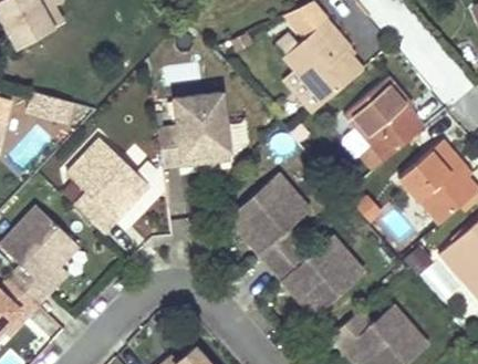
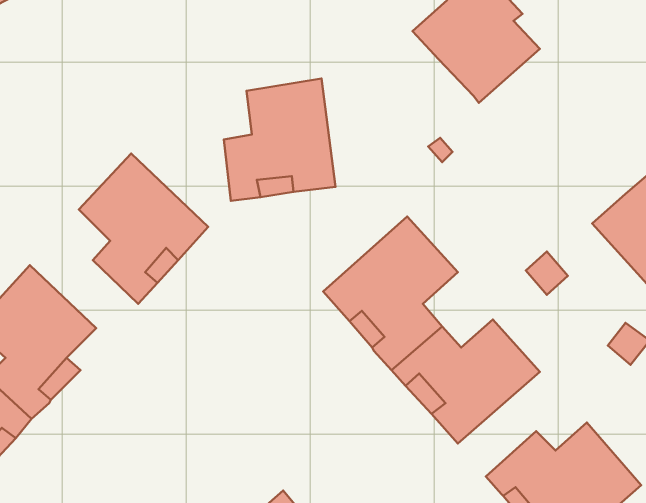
building: [345,74,425,169] -> none

